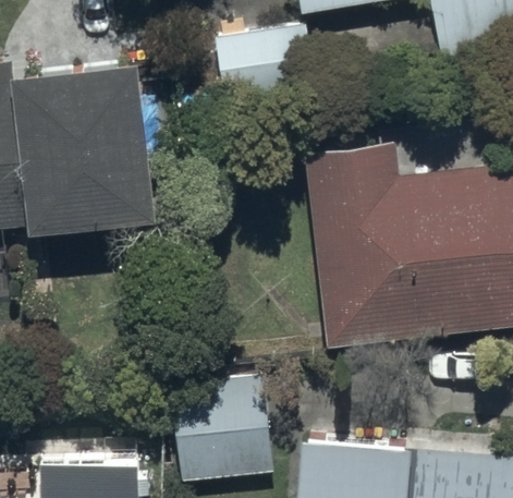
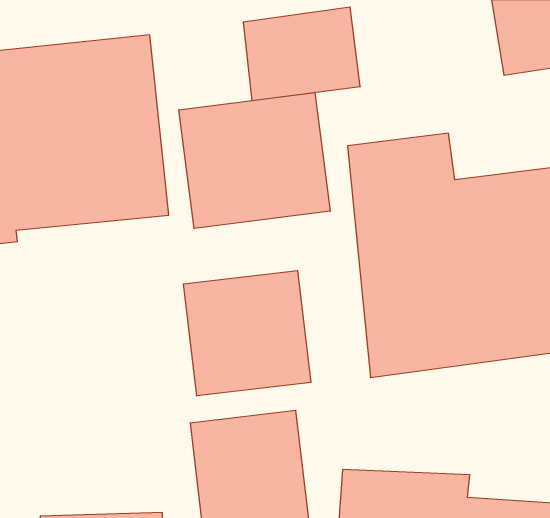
building: none -> [179,92,330,229]
building: none -> [184,270,311,396]

